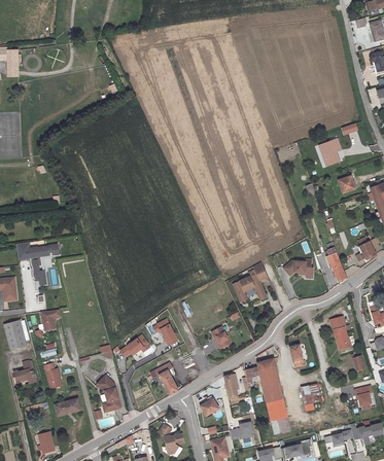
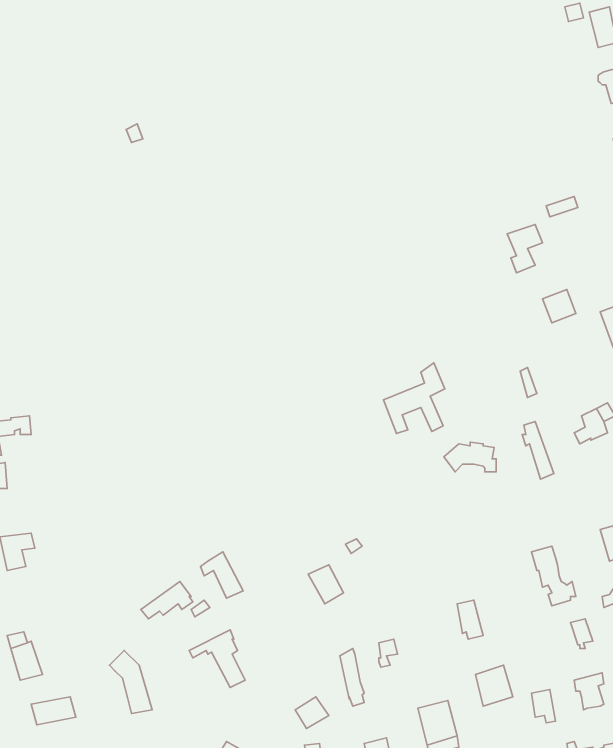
building: [234,262,268,302] -> [384,363,445,433]
building: [259,360,286,406] -> none

